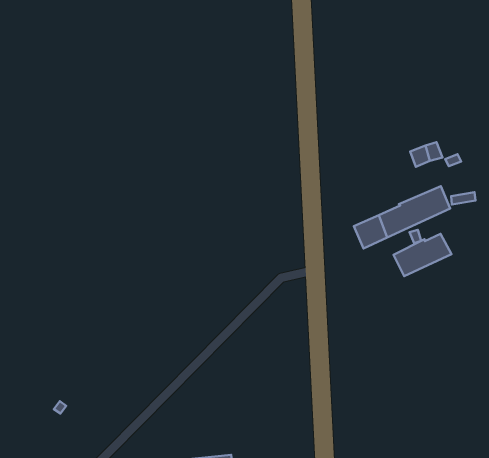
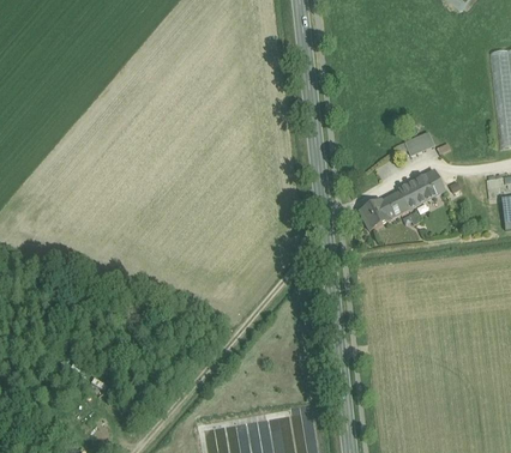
building: [394,234,452,276] -> none

